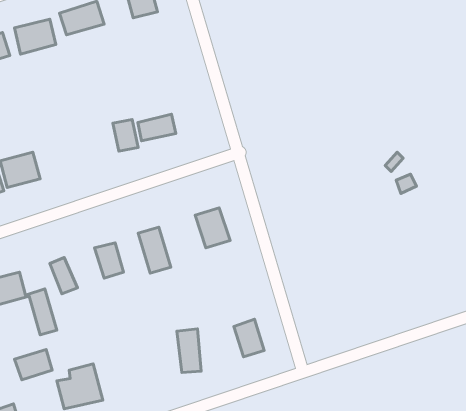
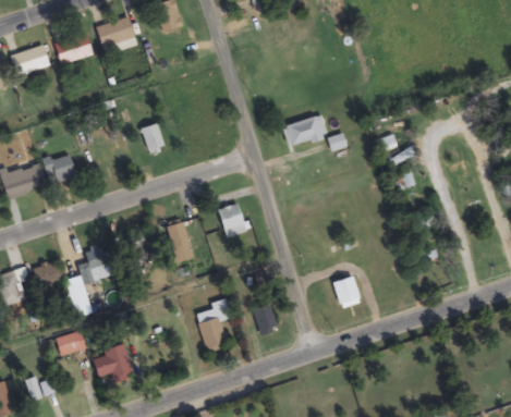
building: none -> [283,115,328,145]
building: [138,114,176,141] -> none
building: none -> [332,274,362,308]

